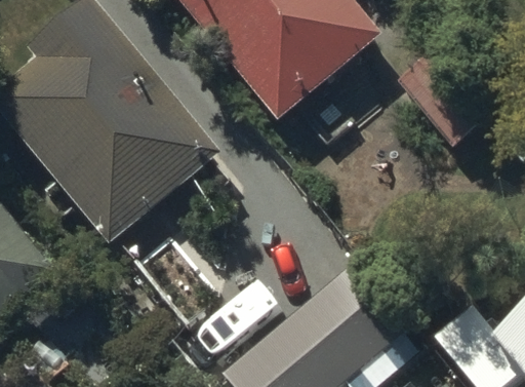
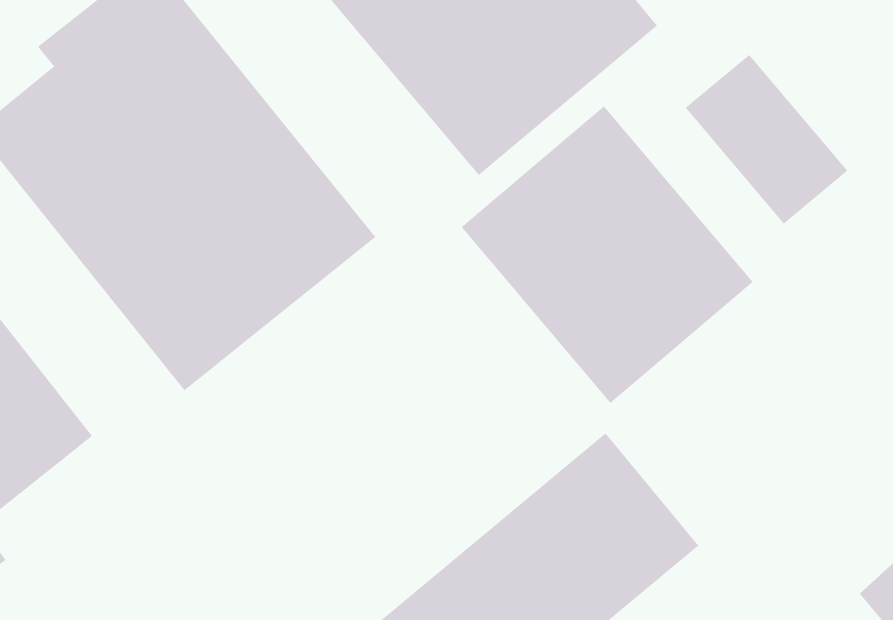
building: none -> [461,105,754,404]

